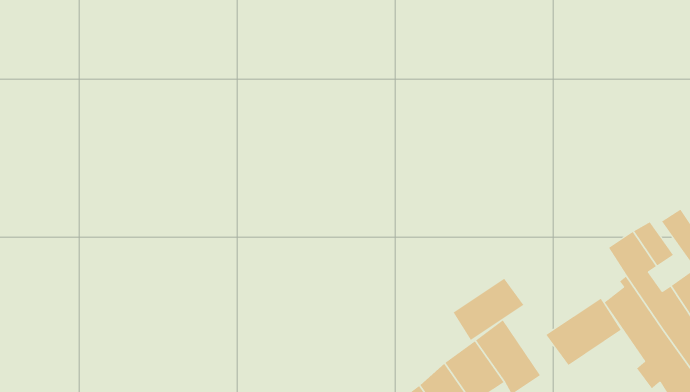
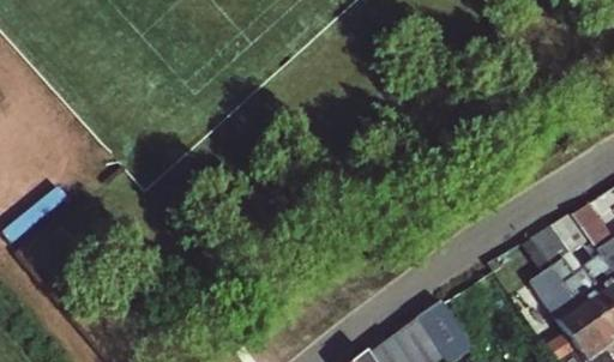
building: [453,278,524,341] -> none
building: [546,298,621,366] -> none

